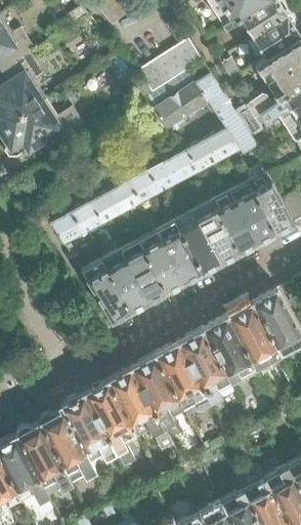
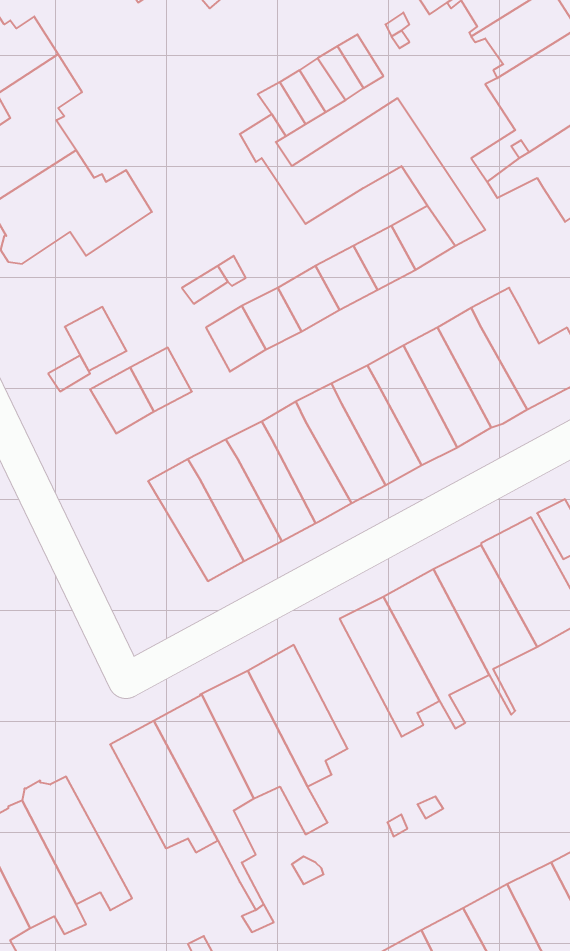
building: [91,192,123,225] -> [65,307,127,371]
building: [156,341,211,409] -> none
building: [39,406,97,485] -> none

